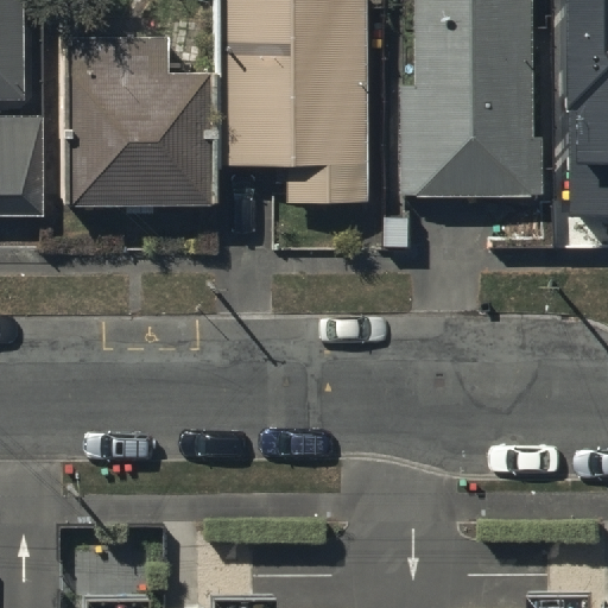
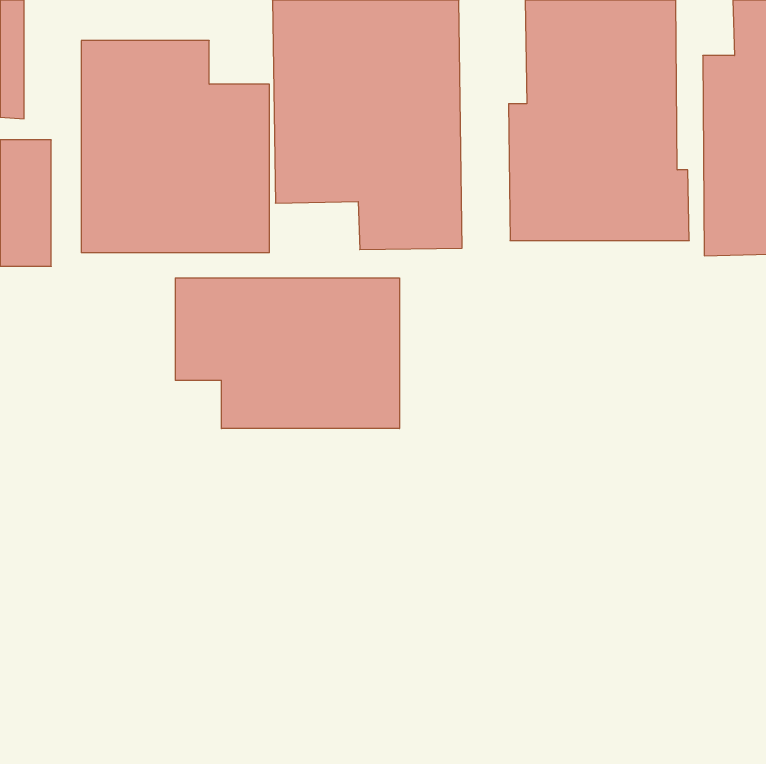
building: none -> [175,278,399,429]

